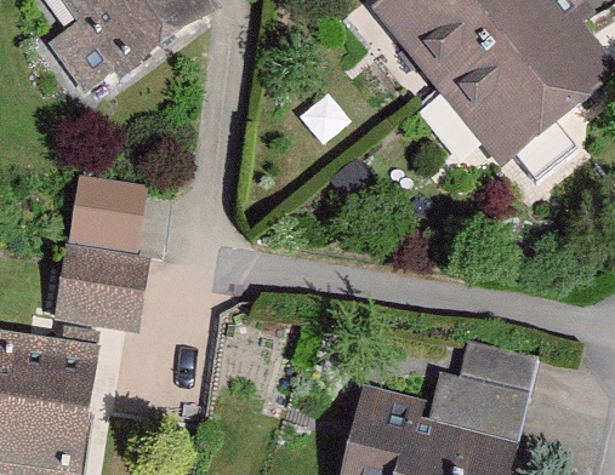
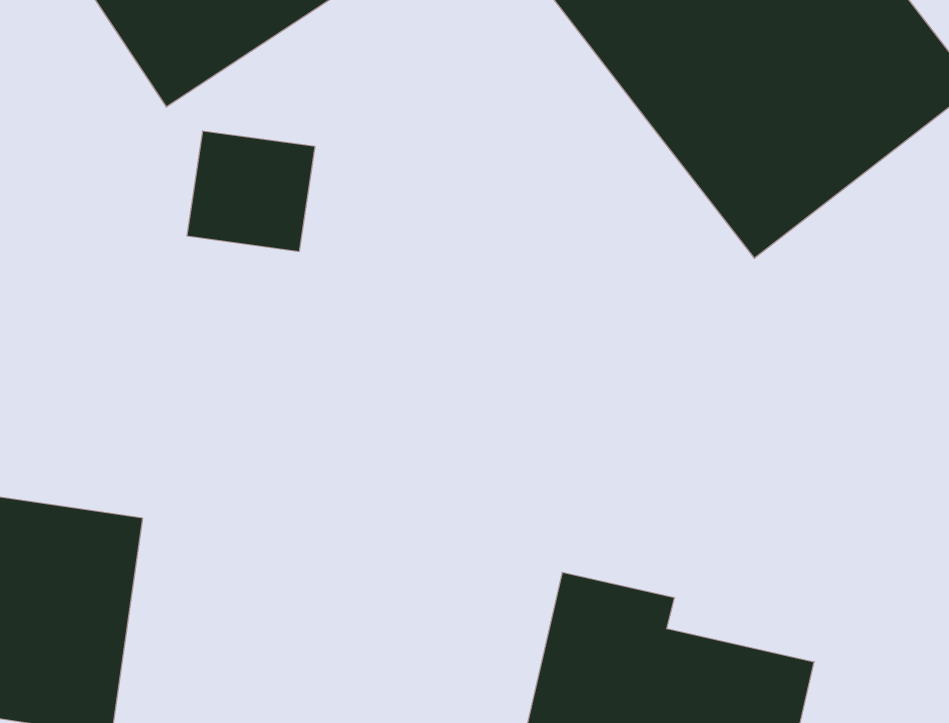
building: [67,172,147,247] -> [187,131,315,251]
building: [55,242,149,328] -> none
building: [427,337,537,435] -> none

